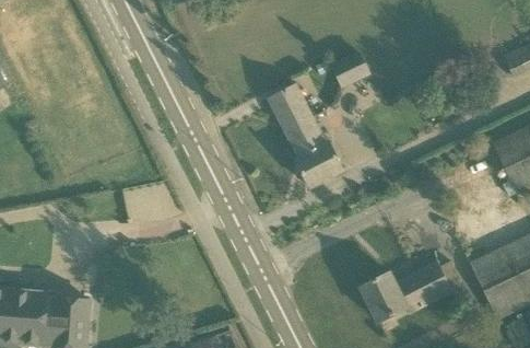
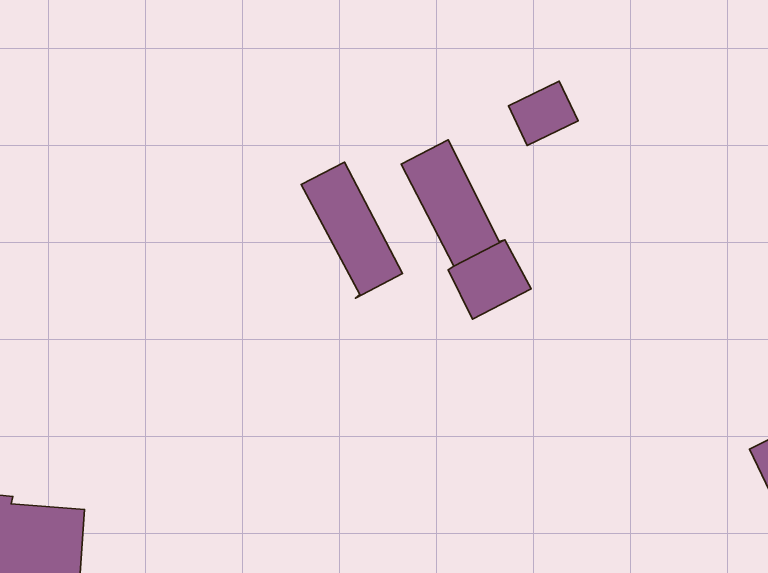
building: none -> [301,162,402,298]
building: [362,260,452,321] -> none

